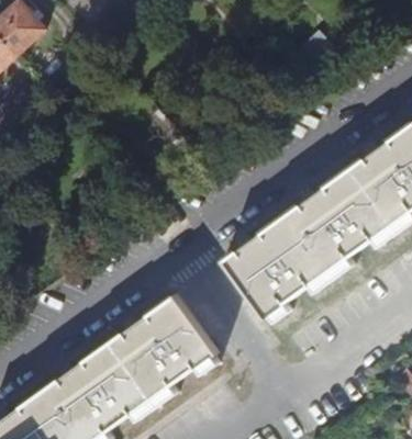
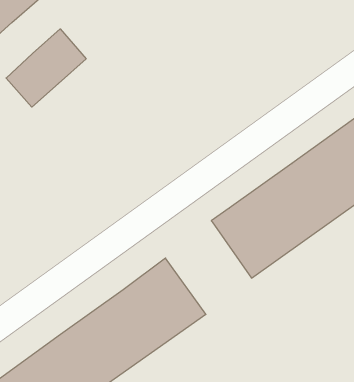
building: none -> [6,29,86,107]

